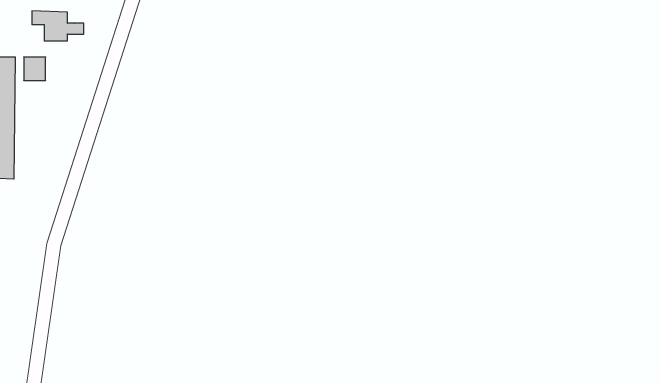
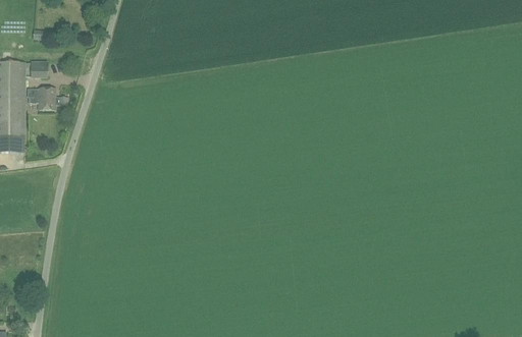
building: [32,11,84,41] -> [28,88,66,110]

